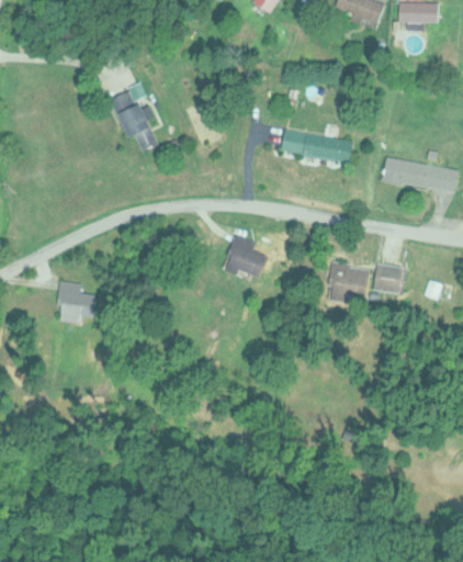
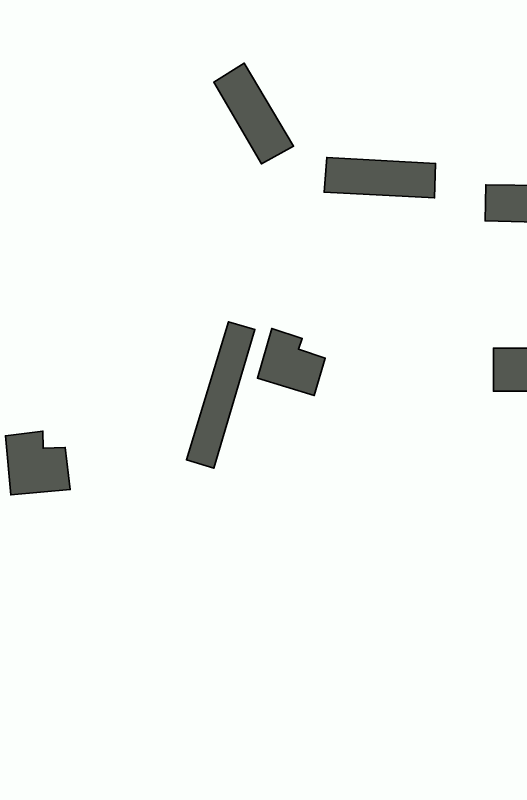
building: [112,88,158,154] -> [214,63,294,164]
building: none -> [186,322,255,468]
building: [329,266,369,296] -> none

